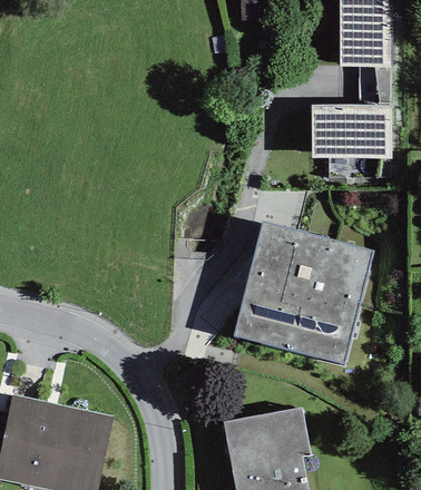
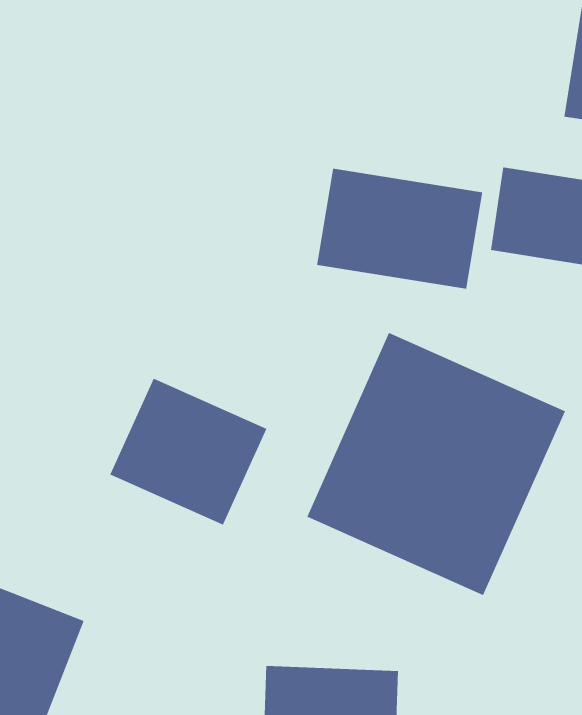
building: none -> [317,168,483,289]
building: none -> [110,378,267,525]

